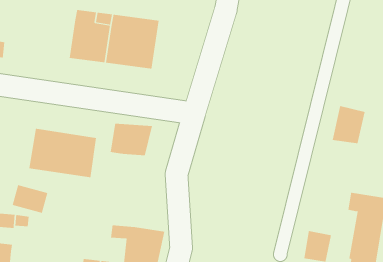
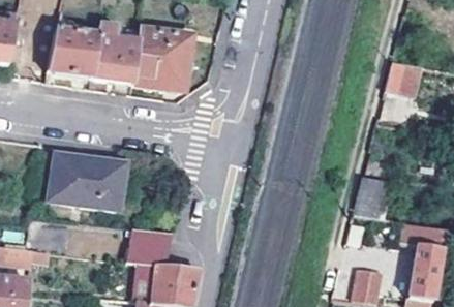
building: none -> [51,28,99,76]
building: none -> [388,56,425,94]
building: [332,105,366,144] -> [356,173,393,215]
building: [110,123,153,156] -> [127,226,175,263]

